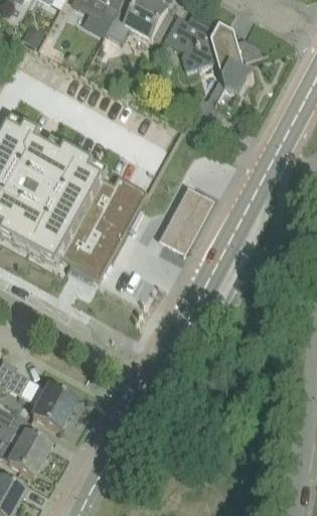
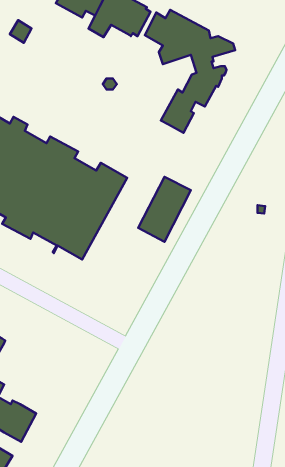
building: [17,376,74,428] -> none

